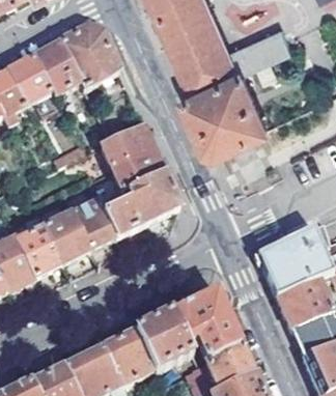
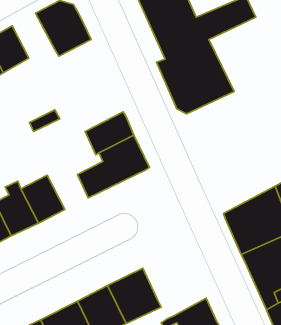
building: [31,40,77,93] -> none
building: [99,122,149,166] -> none
building: [68,198,112,249] -> none
building: [170,289,237,362] -> none

